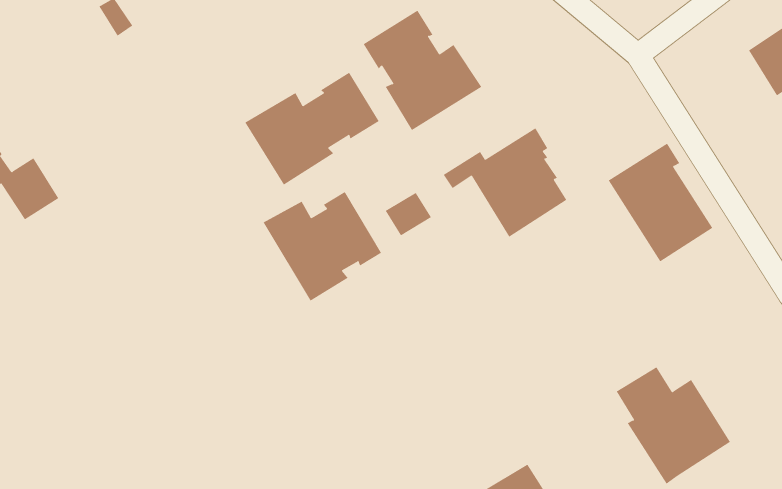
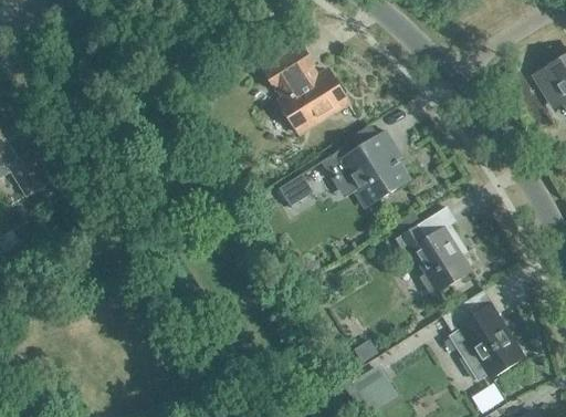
building: [244,72,379,185] -> none
building: [608,143,713,262] -> [398,211,472,295]
building: [263,191,382,302] -> none

